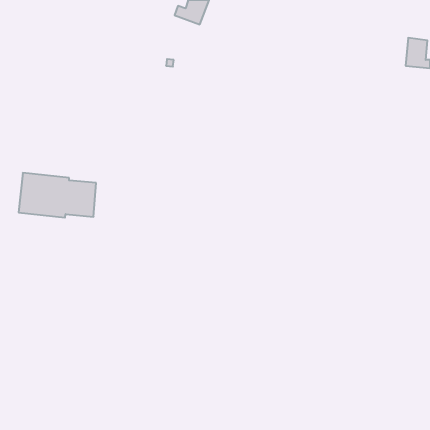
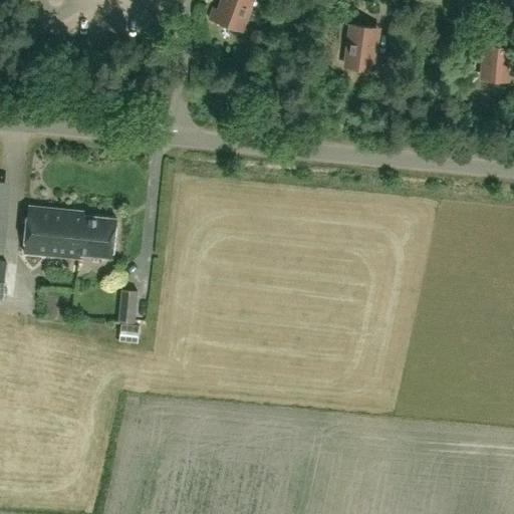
building: none -> [346,25,380,72]
building: none -> [116,290,137,324]

